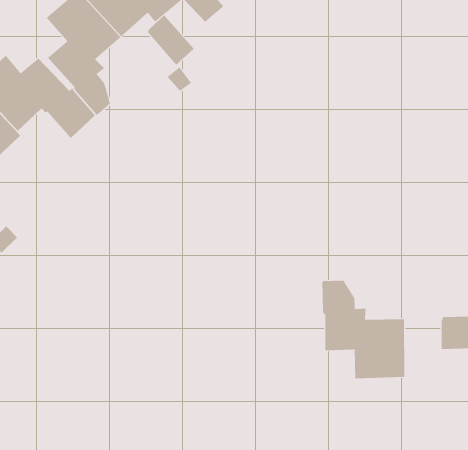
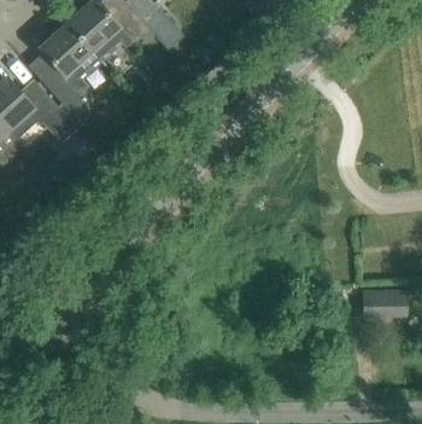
building: [147,14,194,66] -> none
building: [322,280,405,379] -> none

